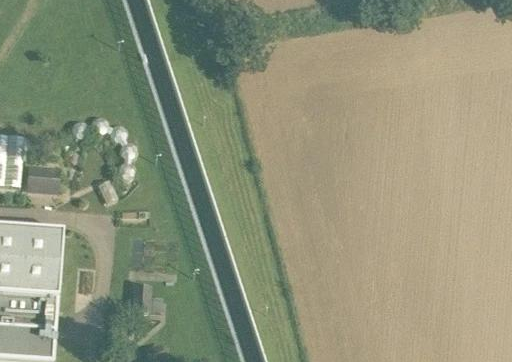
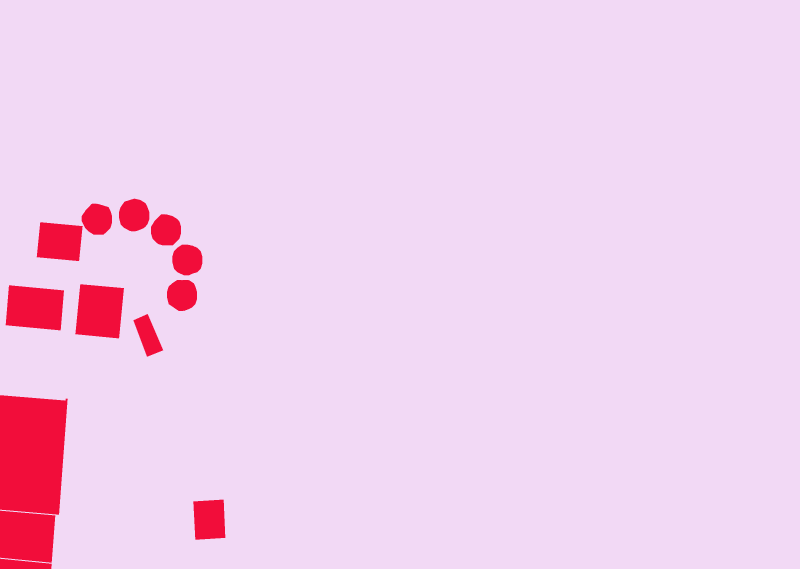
building: none -> [36,221,83,262]
building: none -> [75,283,125,339]

